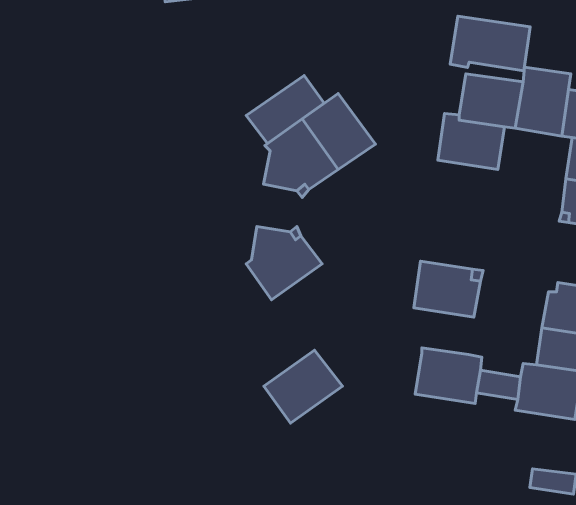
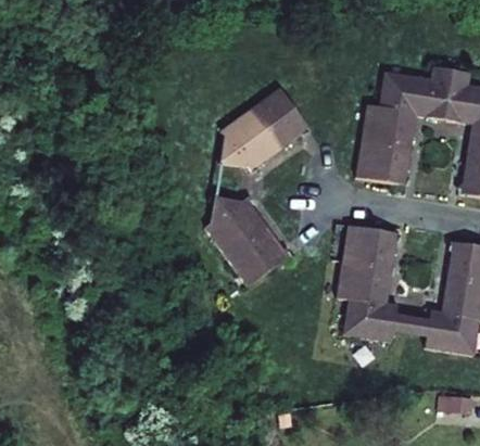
building: [450,16,530,71] -> none
building: [246,75,324,144] -> none
building: none -> [356,142,410,182]
building: none -> [337,263,391,301]
building: [264,350,342,423] -> [226,227,290,286]

